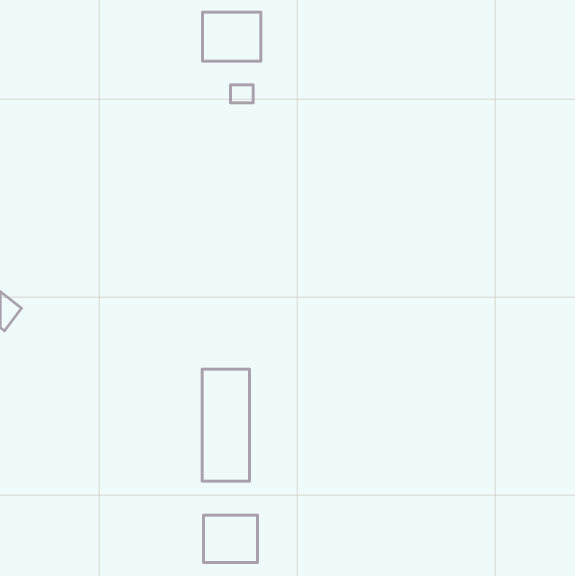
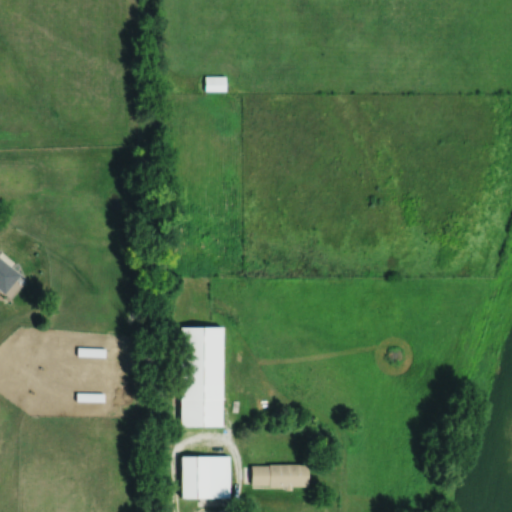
building: [203,12,261,61] -> none
building: none -> [252,465,308,489]

